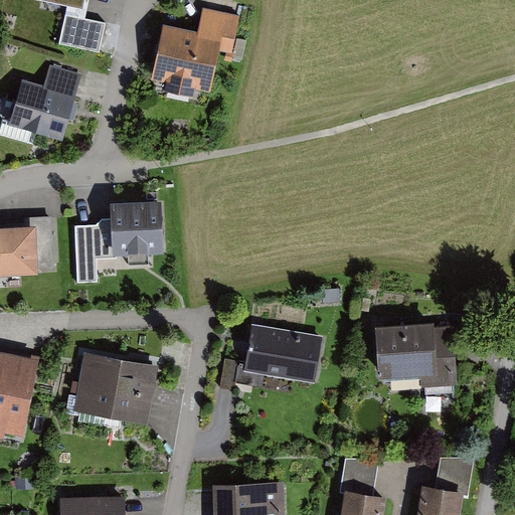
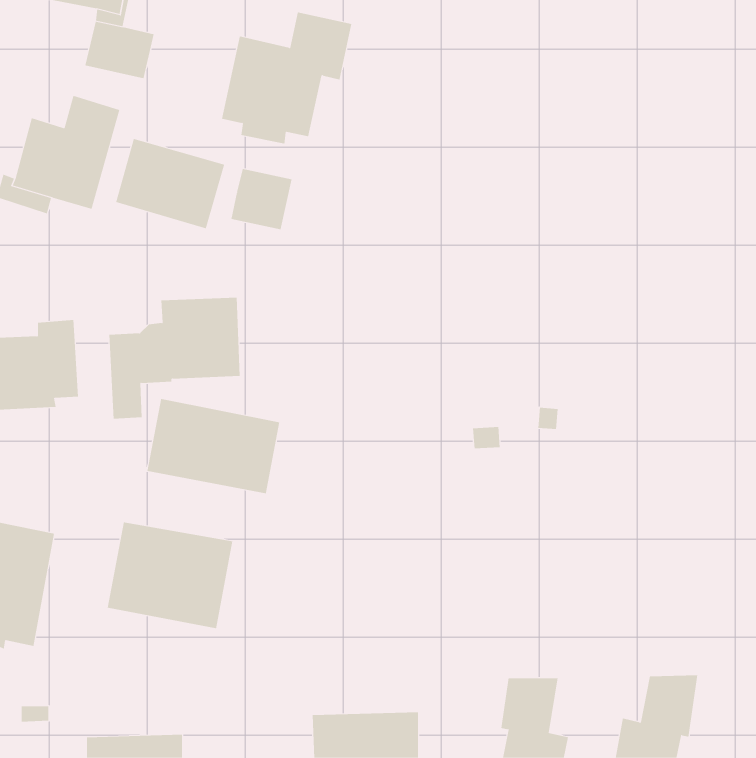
building: none -> [116,138,225,229]
building: none -> [231,168,292,230]
building: none -> [147,398,280,494]
building: [375,324,457,388] -> none
building: [218,325,322,391] -> none

